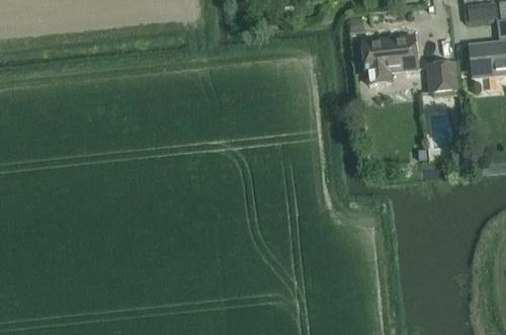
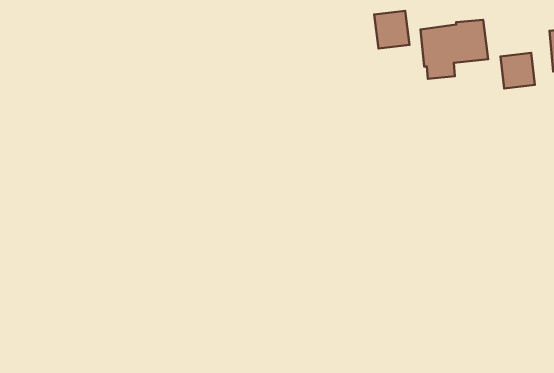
building: none -> [374,11,410,49]

